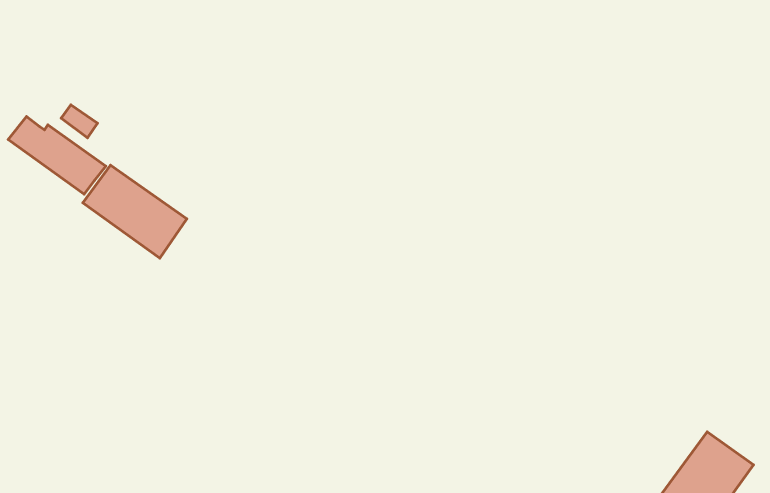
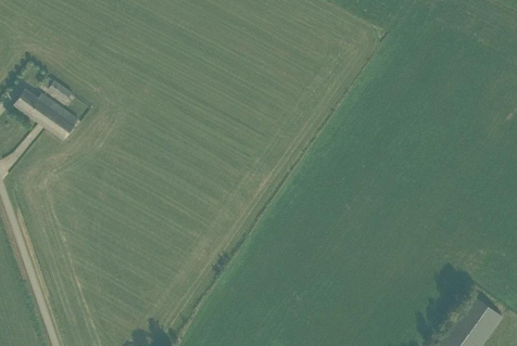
building: [83,165,187,258] -> none

